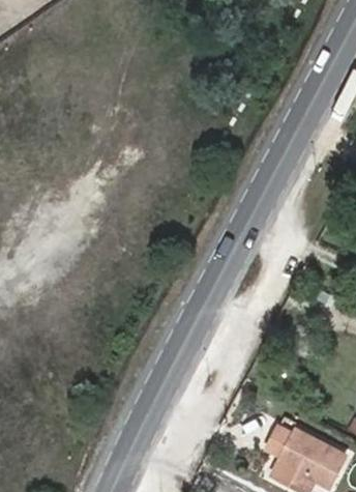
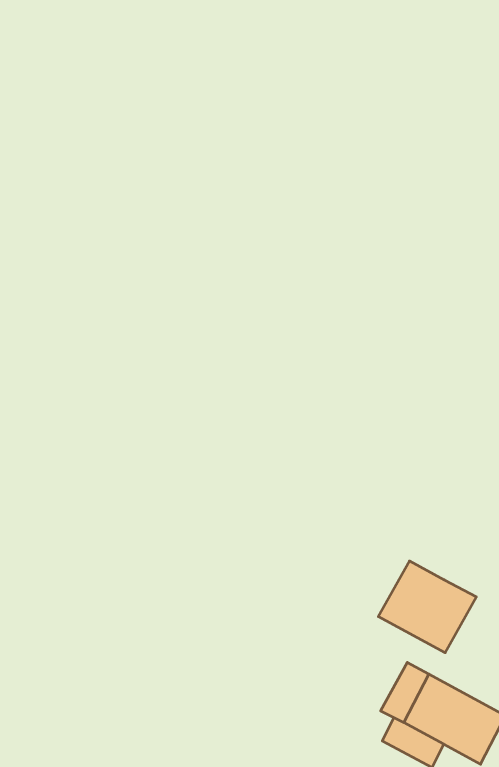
building: none -> [378,561,476,653]

